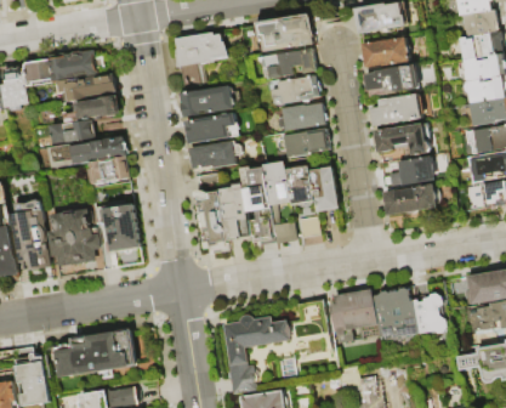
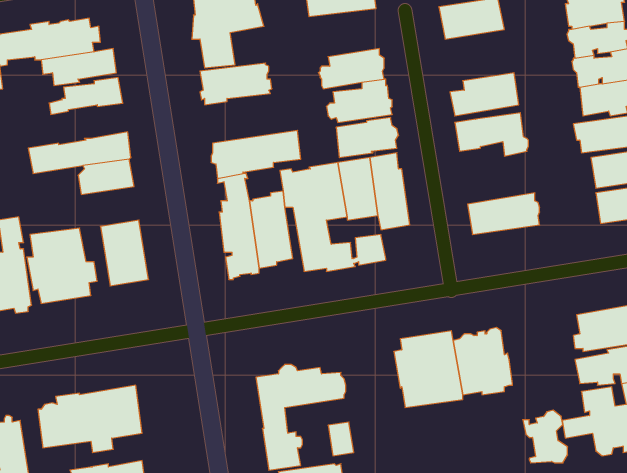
building: [261,49,314,78] -> none
building: [362,58,434,91] -> none
building: [182,112,237,143] -> none
building: [50,120,96,147] -> none
building: [387,155,433,186] -> none
building: [410,291,444,332] -> [523,410,568,463]

